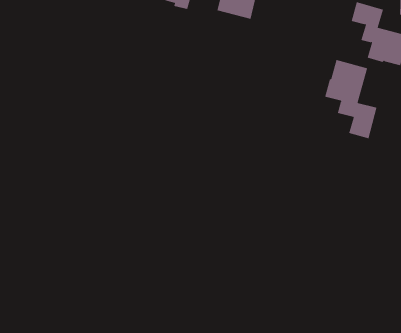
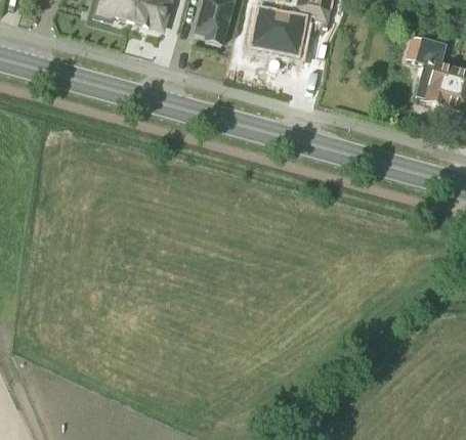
building: [325,59,377,139] -> none

